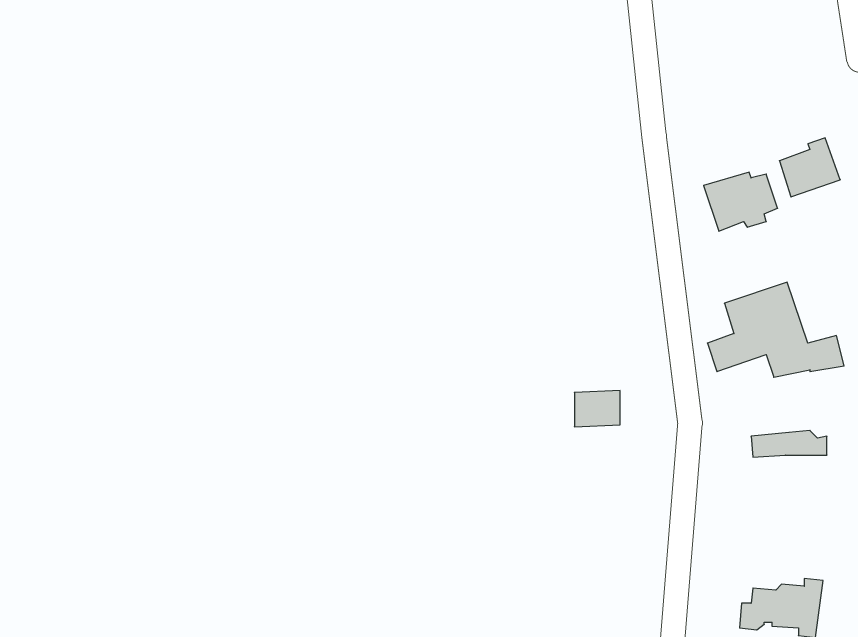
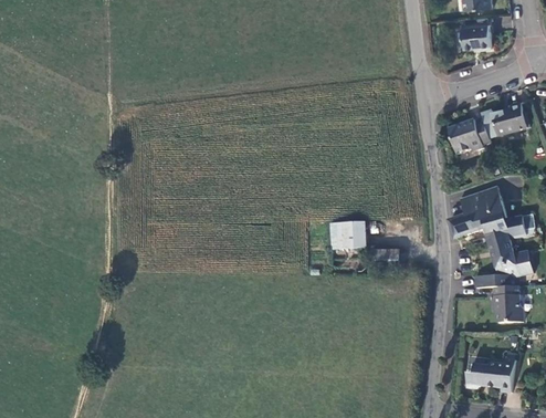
building: none -> [460,25,489,49]
building: none -> [328,219,366,247]
building: none -> [487,236,532,275]
building: none -> [494,285,523,322]

